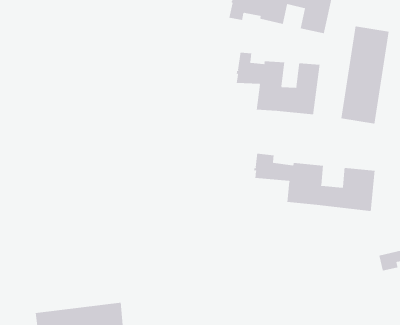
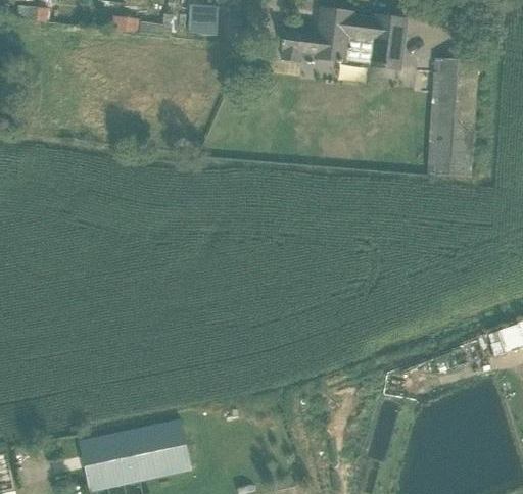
building: [236,52,320,115] -> none
building: [254,153,375,212] -> none

